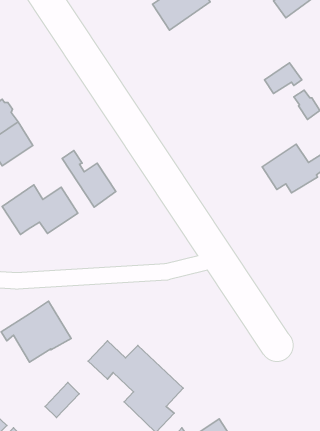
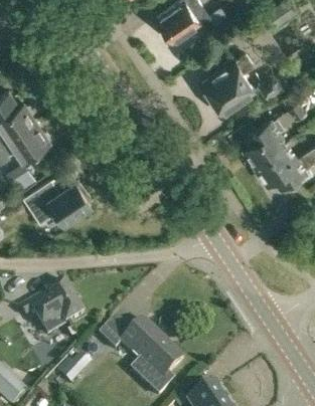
building: none -> [202,54,255,113]
building: none -> [246,121,285,163]
building: [62,151,116,207] -> none

